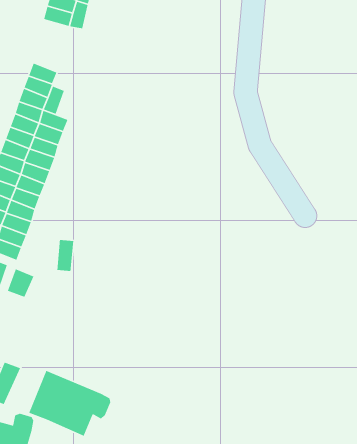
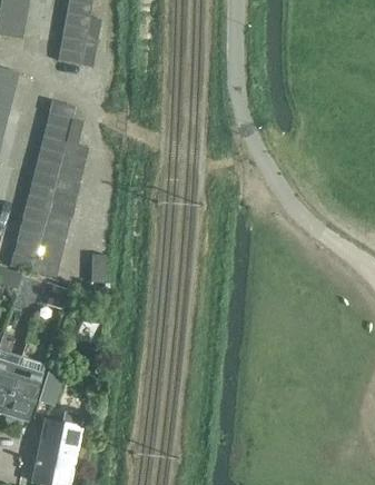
building: [28,370,111,437] -> none

